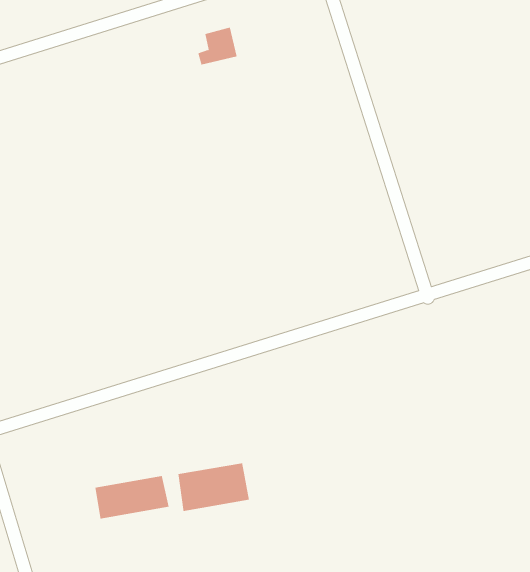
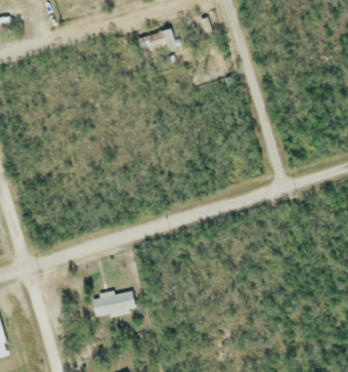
building: [178,462,249,512] -> none

